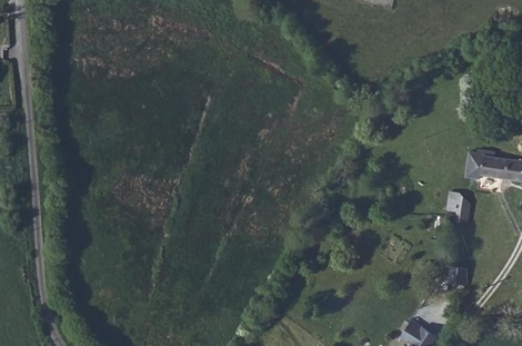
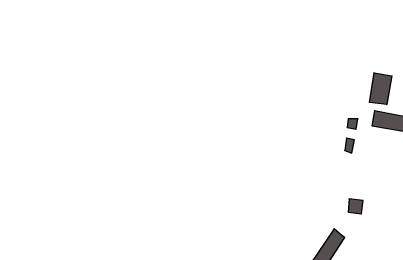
building: none -> [370,73,392,105]

